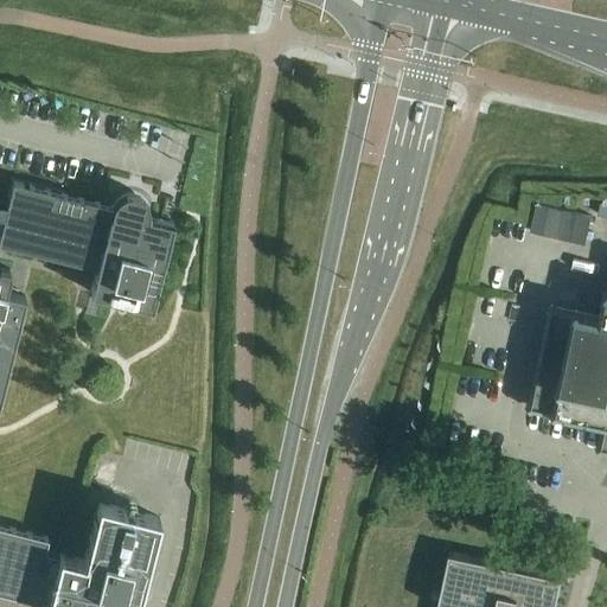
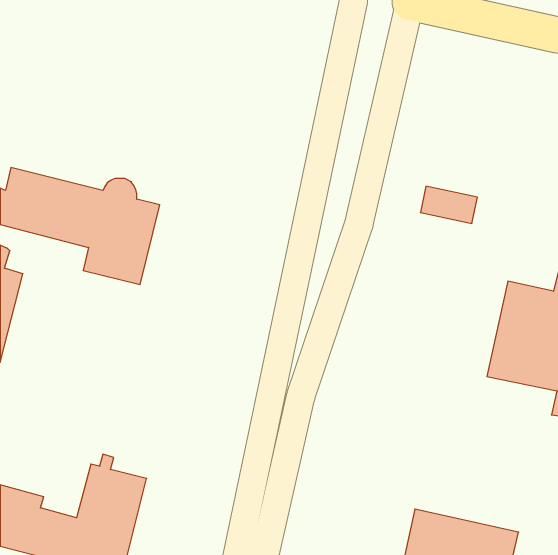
building: [531,209,593,249] -> [420,186,477,223]

